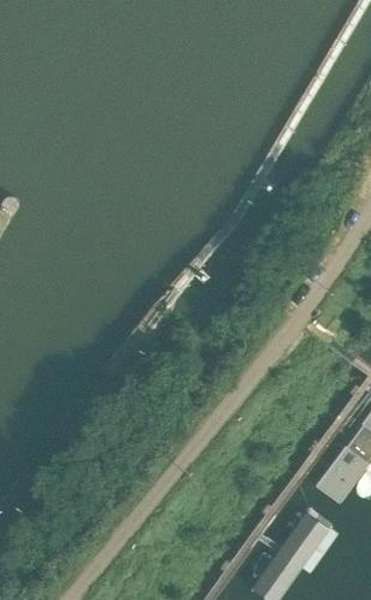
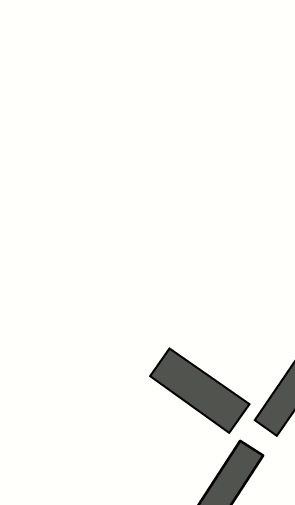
building: none -> [150,348,249,433]

